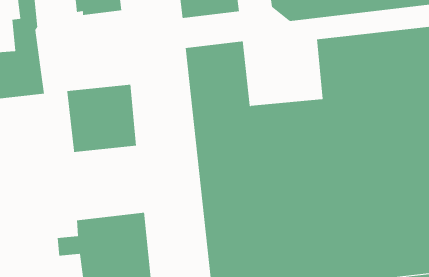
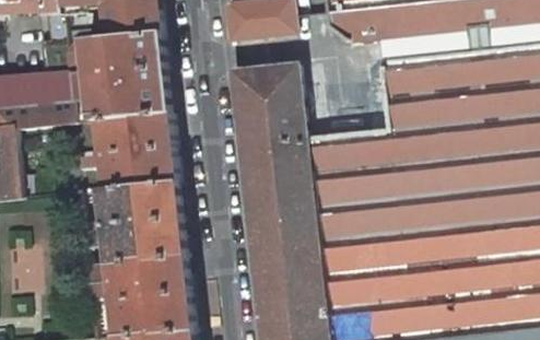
building: none -> [64,32,171,122]
building: none -> [81,183,186,268]

